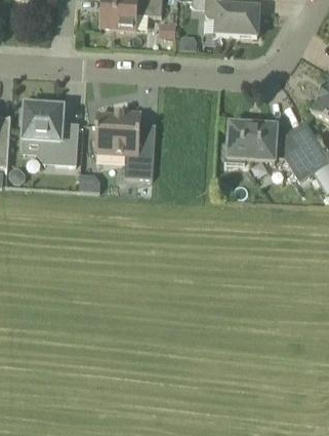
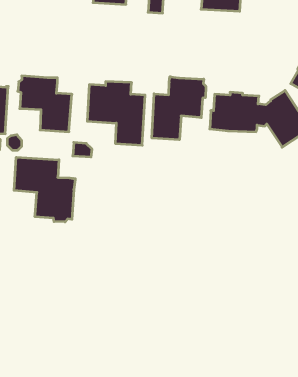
building: none -> [152,77,206,140]
building: none -> [14,157,75,222]

